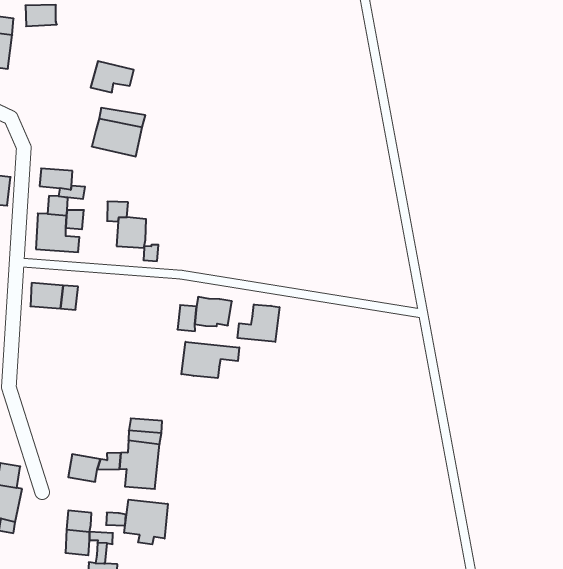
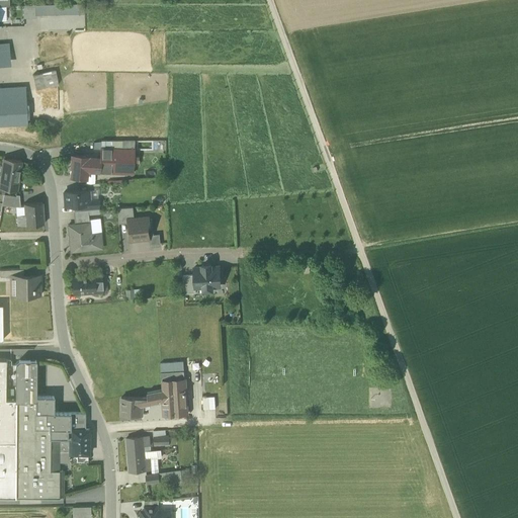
building: [91,61,134,92] -> [70,157,99,178]
building: [238,304,279,342] -> none
building: [181,342,239,378] -> none
building: [124,500,168,544] -> none

